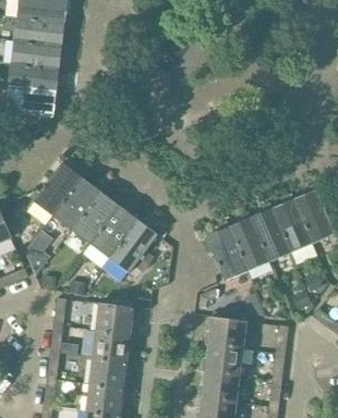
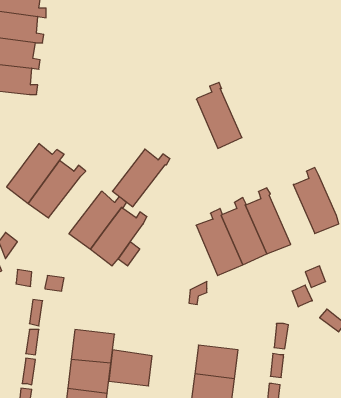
building: [71,190,123,243] -> [112,149,170,207]
building: [271,193,313,253] -> [196,82,242,148]
building: [95,302,134,334] -> [109,350,152,386]
building: [207,316,246,348] -> none

